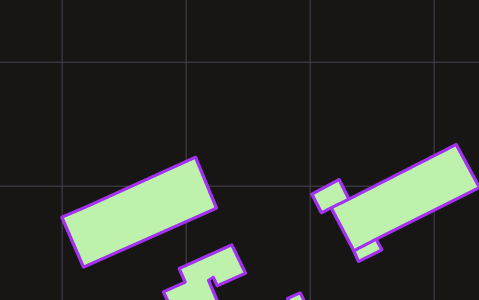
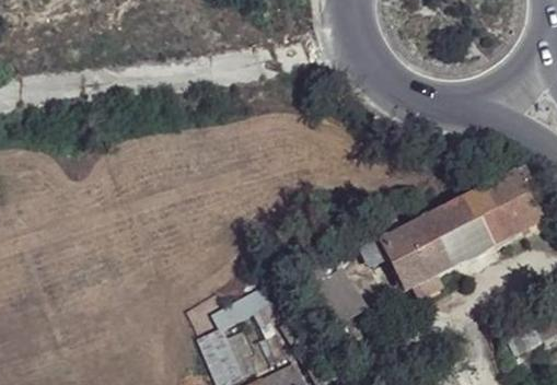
building: [62,157,216,267] -> none

